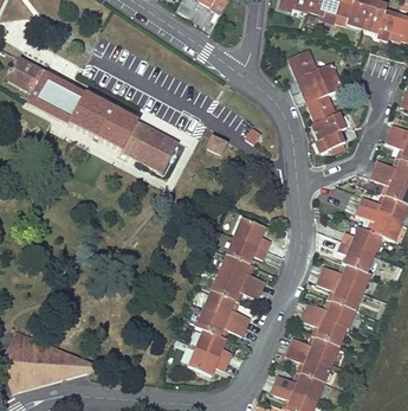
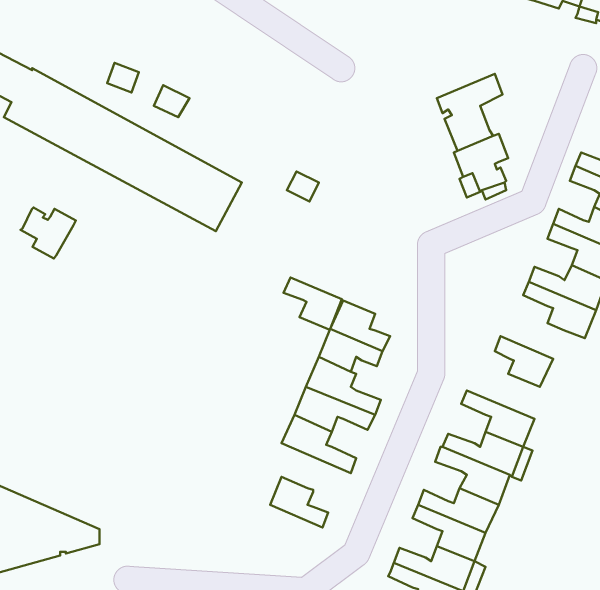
building: [286,47,337,89] -> none
building: none -> [20,208,76,259]
building: none -> [284,277,342,330]
building: [341,227,381,253] -> none
building: [319,263,369,291] -> none
building: [195,307,246,335] -> none
building: [187,346,228,374] -> none

